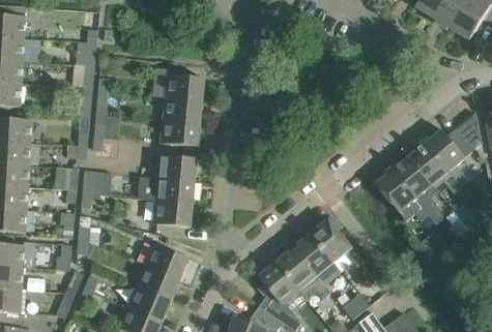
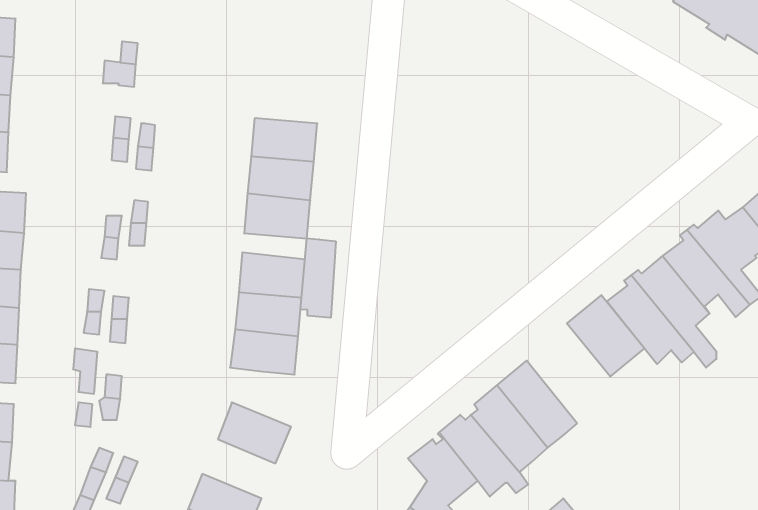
building: none -> [301,238,336,318]
building: none -> [567,295,644,377]
building: [136,265,179,300] -> none

